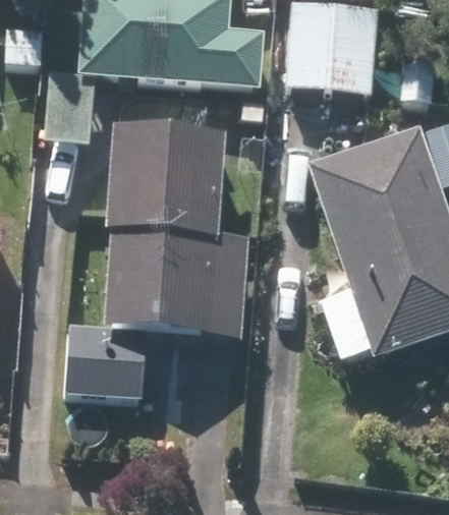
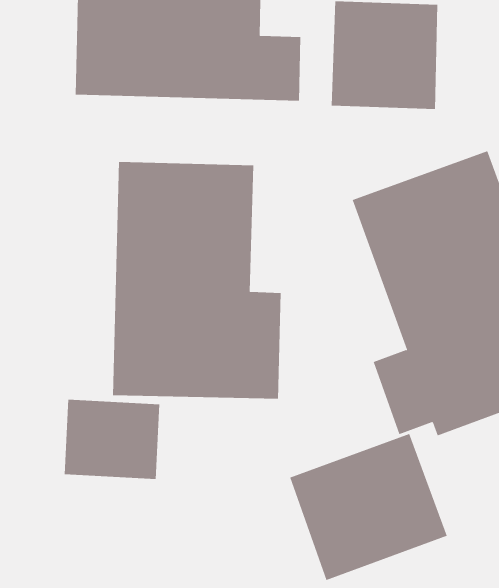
building: none -> [290,433,447,581]

